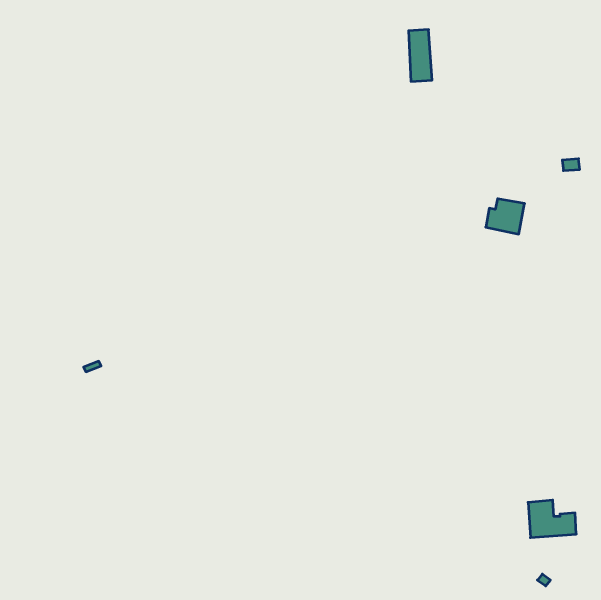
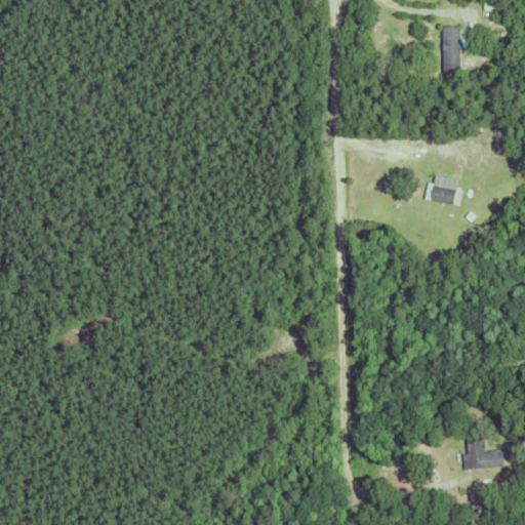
building: [409,30,432,81] -> [444,28,465,73]

